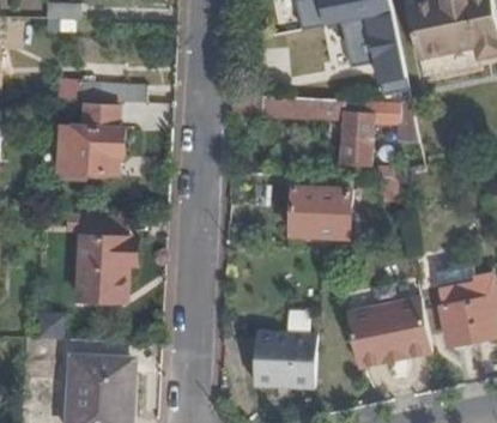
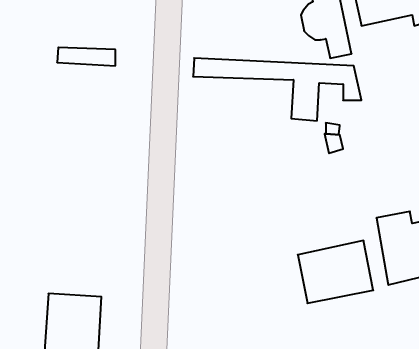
building: [59,104,125,175] -> none
building: [291,186,350,237] -> none
building: [66,213,127,302] -> none
building: [253,331,316,388] -> none

